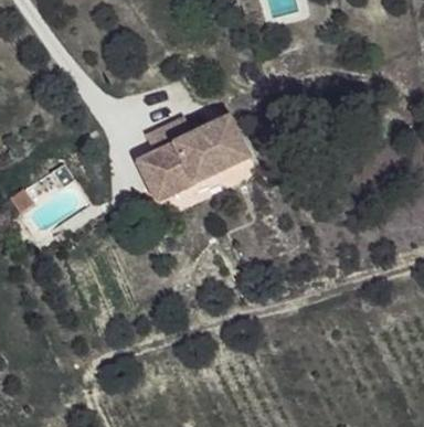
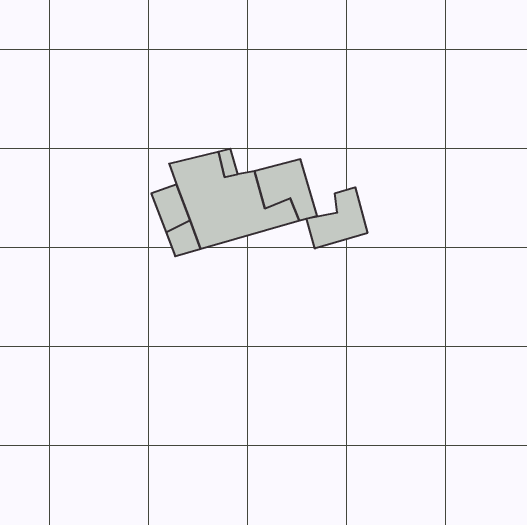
building: none -> [306,187,367,249]

